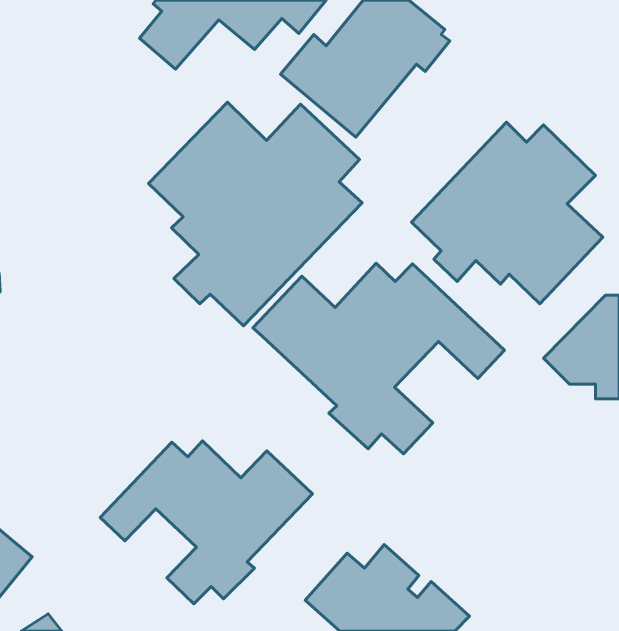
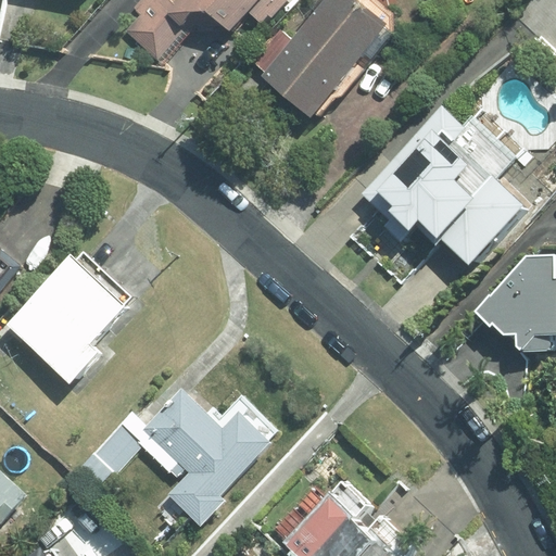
building: [148,102,362,326] -> none
building: [253,263,504,454] -> none
building: none -> [7,249,132,383]

